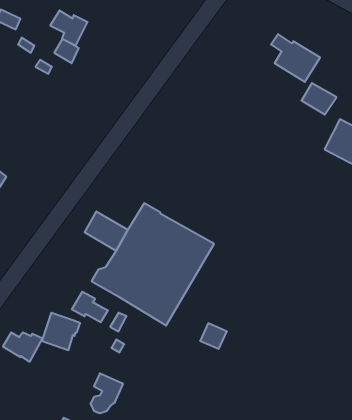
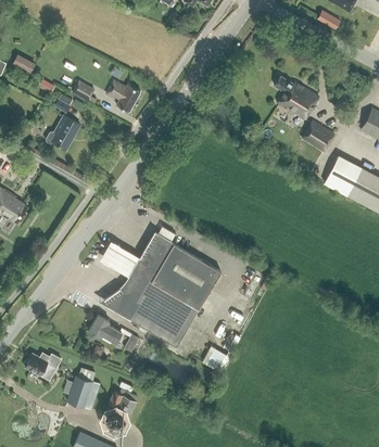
building: [50,10,88,45] -> [105,79,140,112]
building: none -> [46,115,79,149]
building: [42,313,80,350] -> [66,374,102,409]

